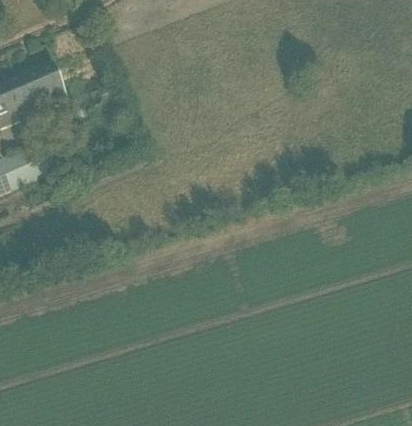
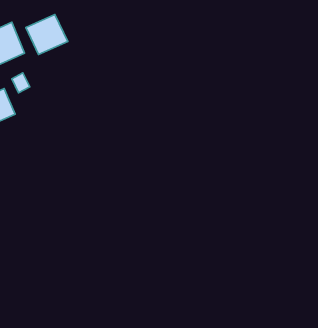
building: none -> [26,14,68,55]

